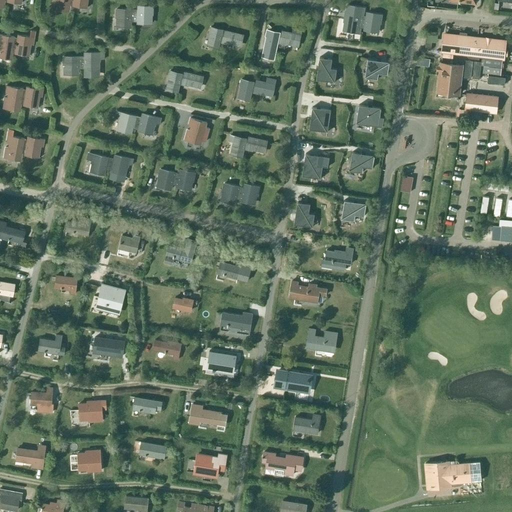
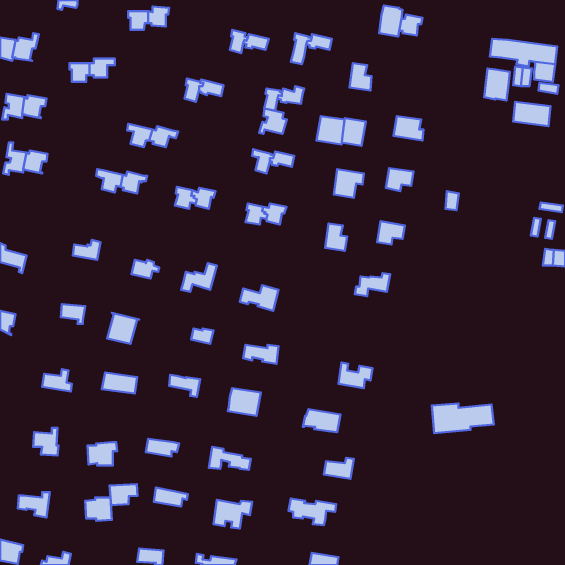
building: [364,58,389,79] -> none
building: none -> [316,116,345,144]
building: [184,118,209,141] -> [259,108,287,134]
building: [289,281,326,302] -> none
building: none -> [110,484,137,505]
building: [425,461,481,488] -> [432,403,494,433]

